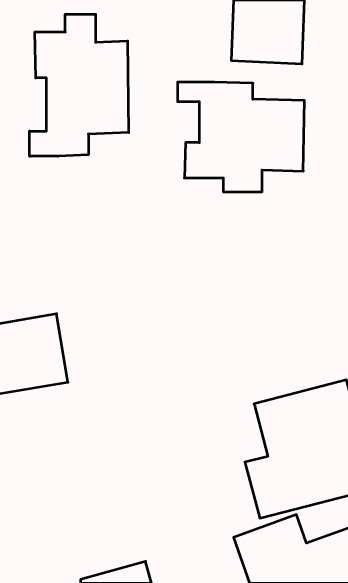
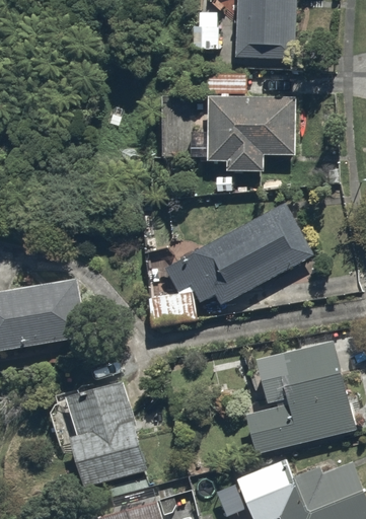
building: [30,14,129,156] -> none
building: none -> [144,200,315,328]
building: none -> [53,382,149,490]

